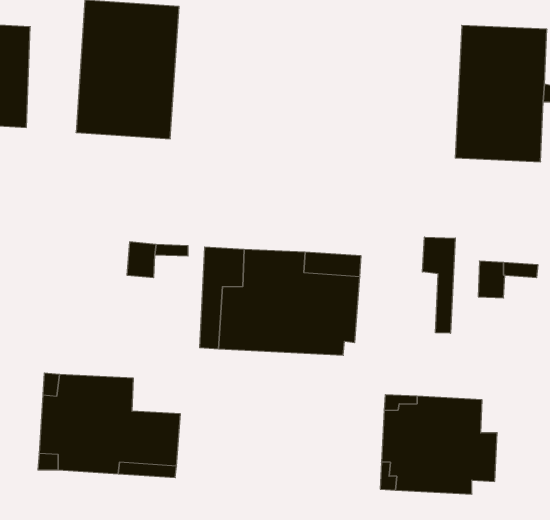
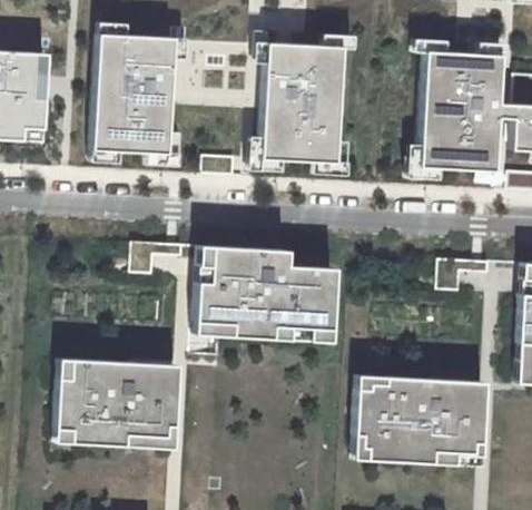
building: none -> [263,45,342,163]
building: [422,237,455,333] -> none
building: none -> [137,361,180,392]
building: none -> [434,380,485,464]

